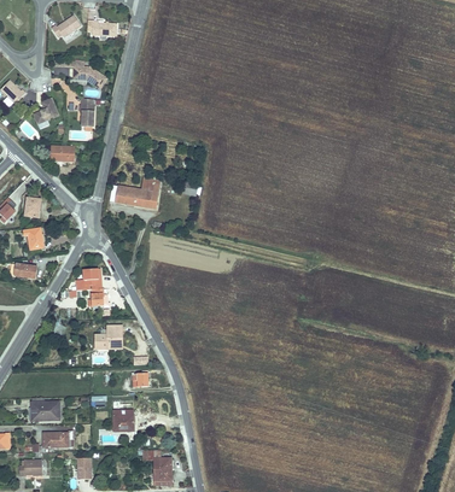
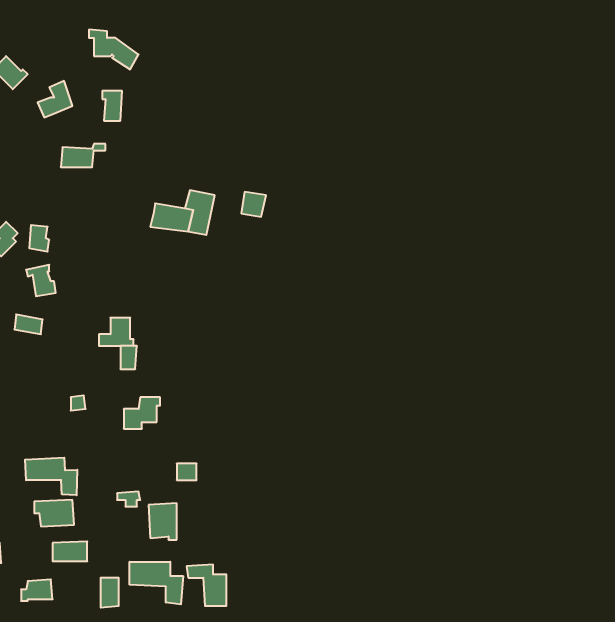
building: none -> [25,458,77,495]
building: none -> [130,562,183,604]

